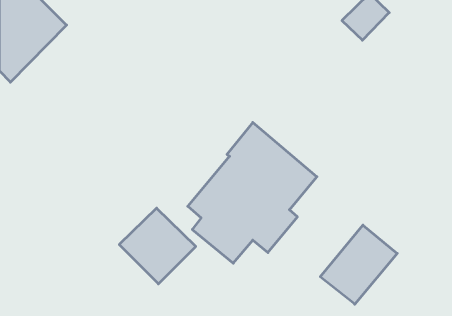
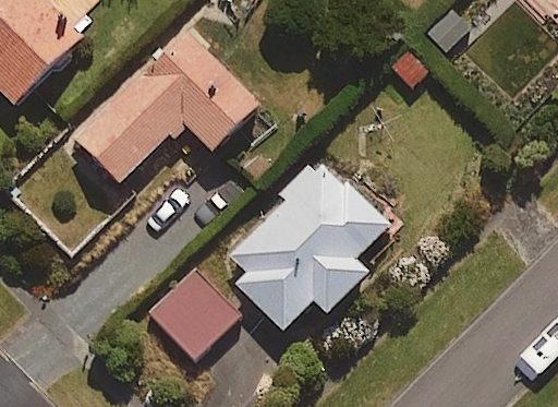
building: none -> [71,29,258,185]
building: [320,225,397,304] -> none

